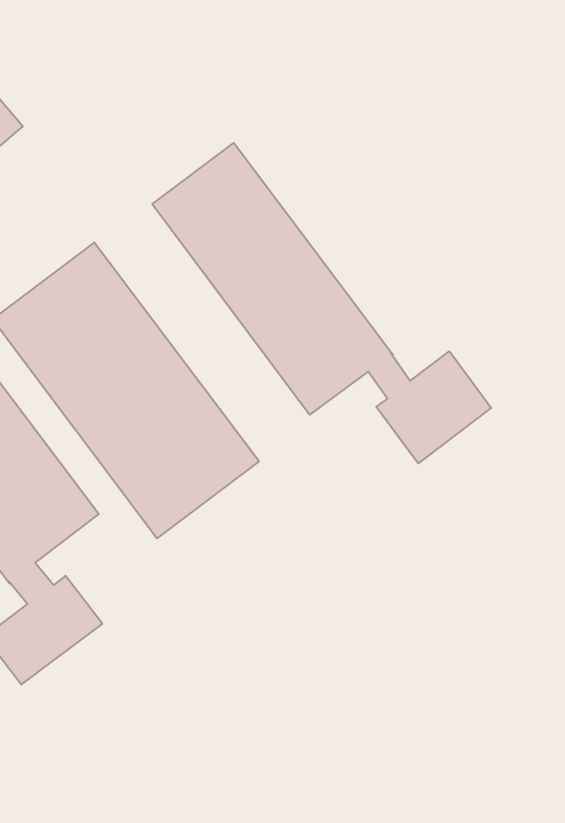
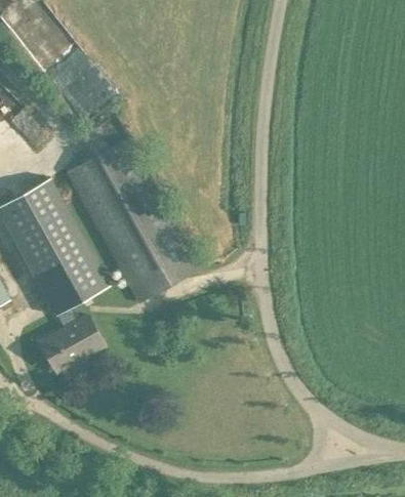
building: [152,143,491,463] -> none

